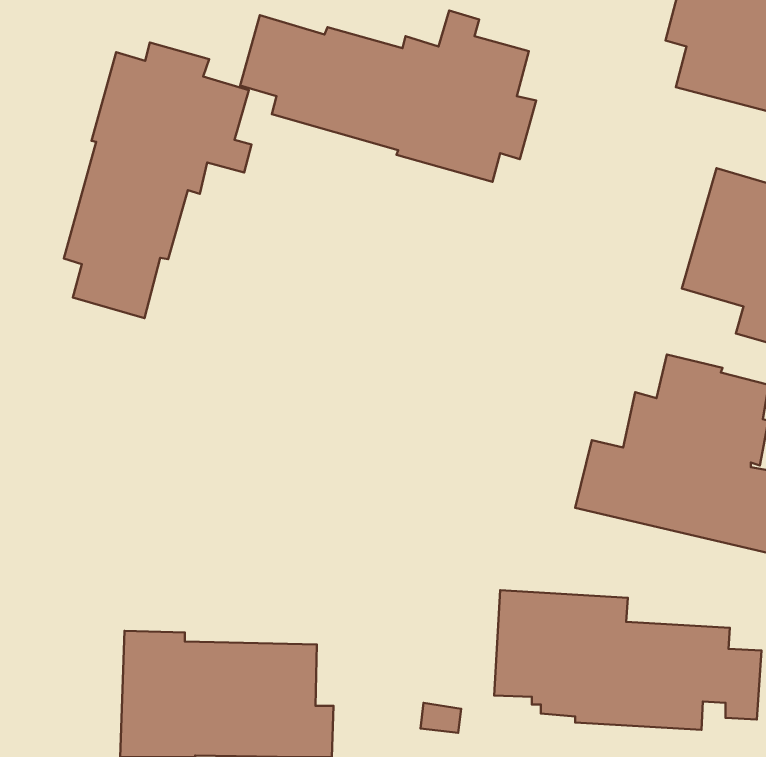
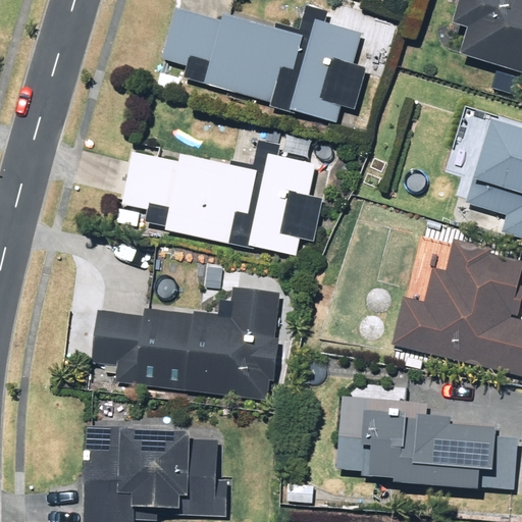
building: [64,42,251,318] -> none
building: none -> [123,137,322,254]
building: none -> [93,289,279,398]

